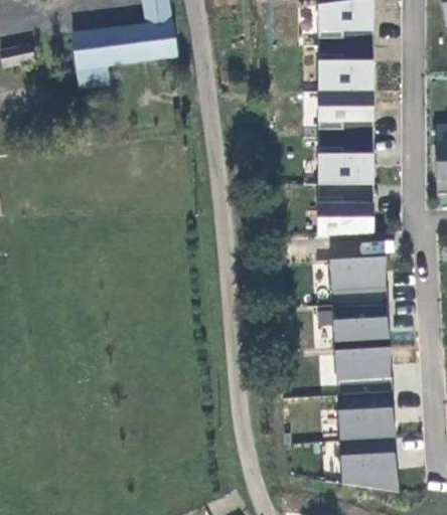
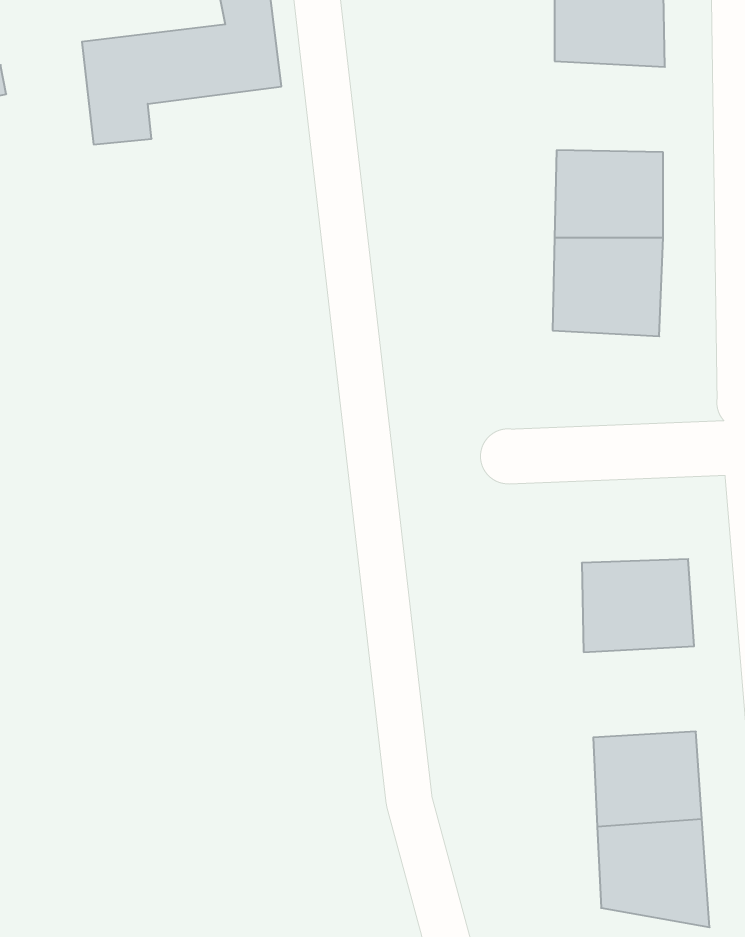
building: [318,43,376,91] -> none
building: [317,183,374,240] -> none
building: [329,255,388,304] -> none
building: [333,347,392,394] -> none

